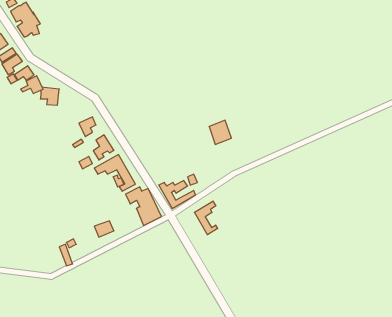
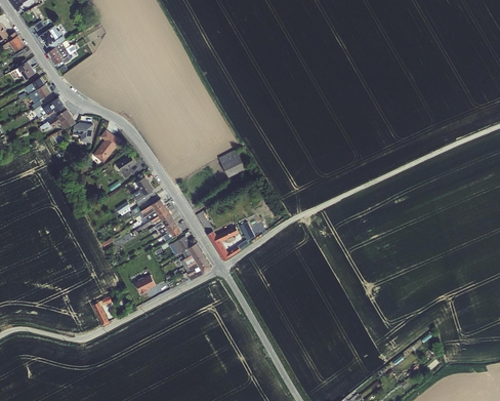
building: none -> [93,129,121,163]
building: [209,120,231,144] -> [218,150,244,177]
building: [194,201,218,235] -> none

